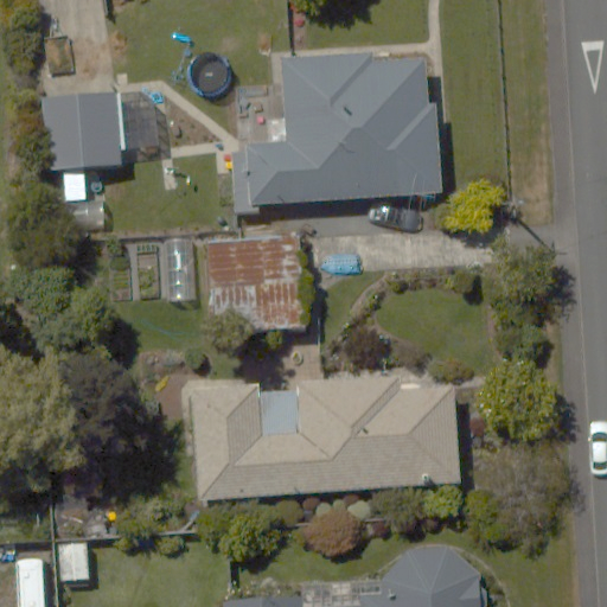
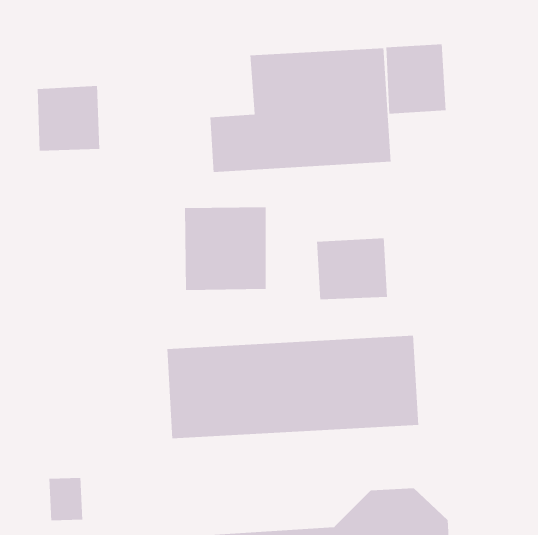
building: none -> [386,44,446,114]
building: none -> [316,238,388,300]

